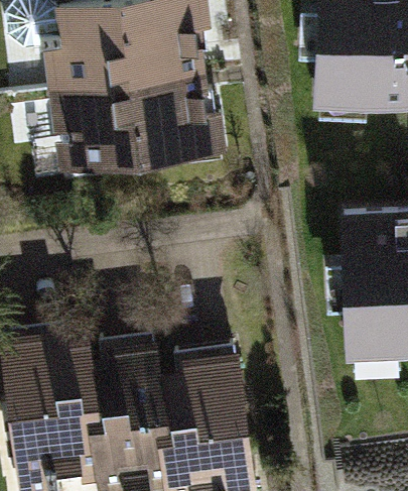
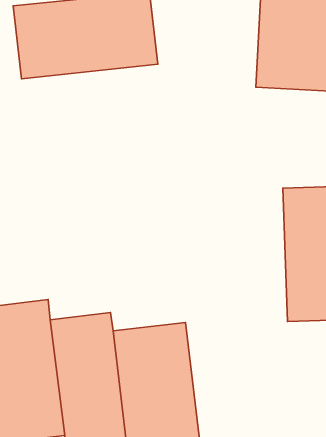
building: [55,76,212,170] -> none

